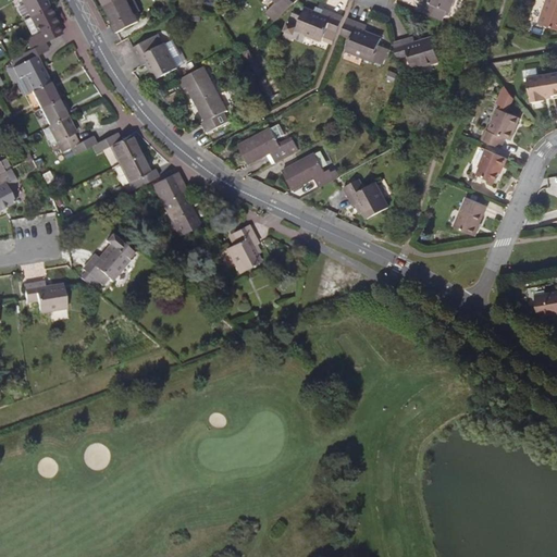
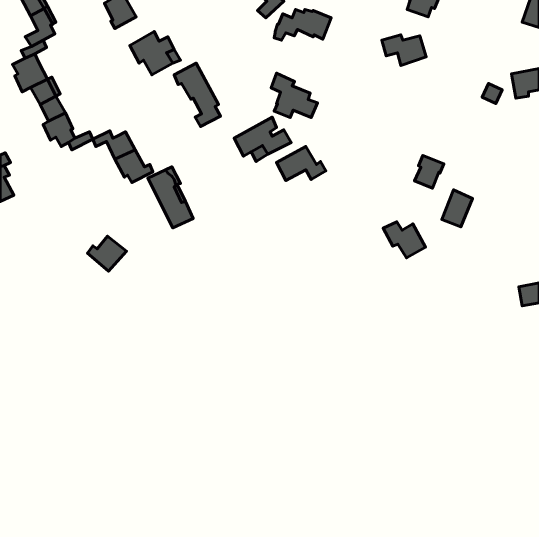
building: [342,16,389,62] -> [271,73,318,118]
building: [484,107,521,146] -> none
building: [479,148,509,182] -> [414,155,444,188]
building: [345,177,388,214] -> [383,222,425,258]
building: [224,226,257,274] -> none
building: [22,281,64,311] -> none

